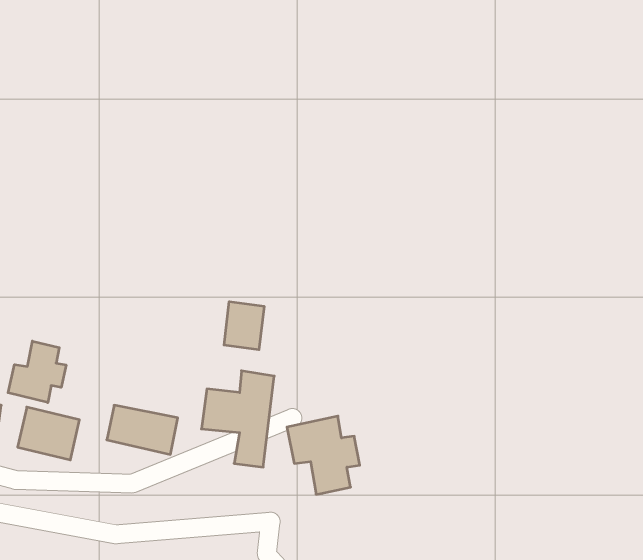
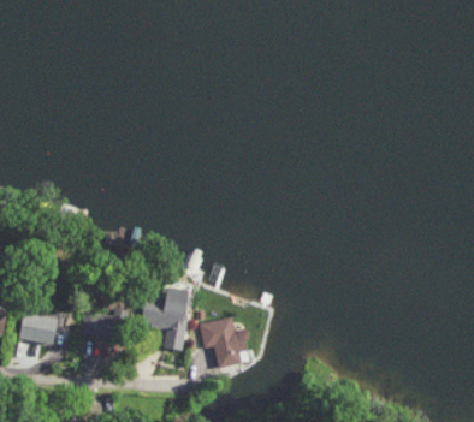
building: [224,302,264,350] -> none
building: [8,341,66,403] -> none

